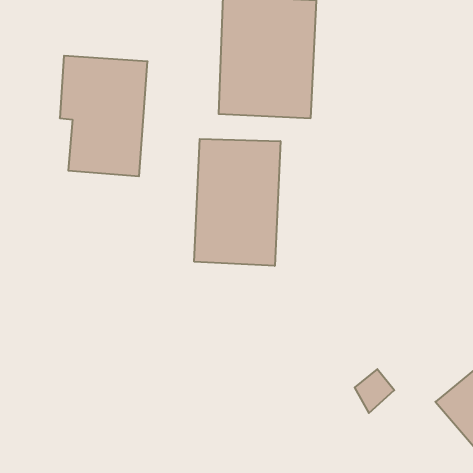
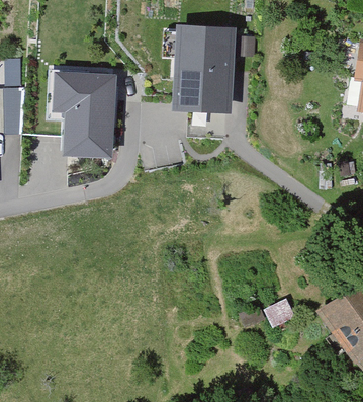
building: [194,139,280,266] -> none

